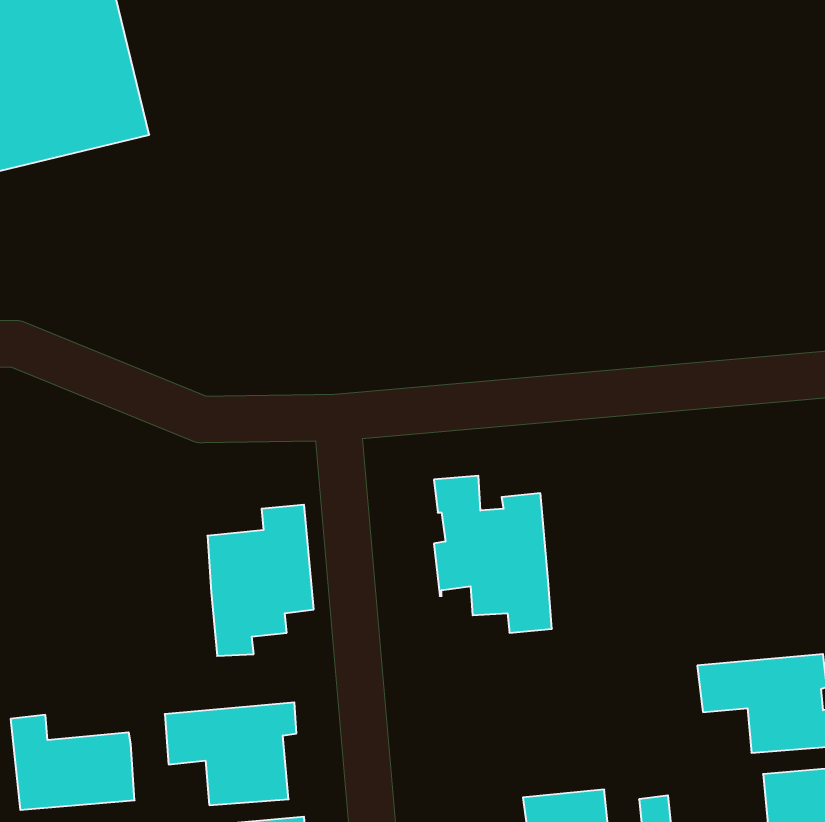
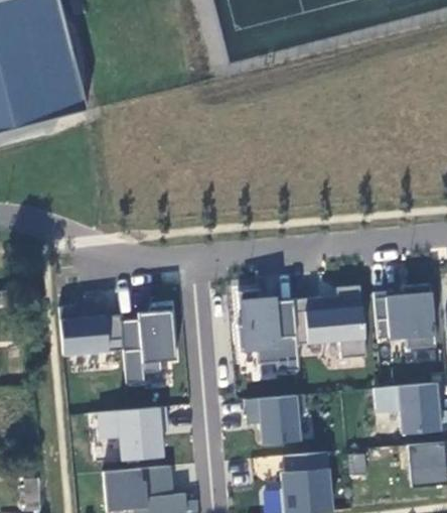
building: none -> [374,282,437,348]
building: none -> [293,284,366,358]
building: none -> [245,394,305,443]
building: [11,715,135,810] -> [57,305,122,355]

